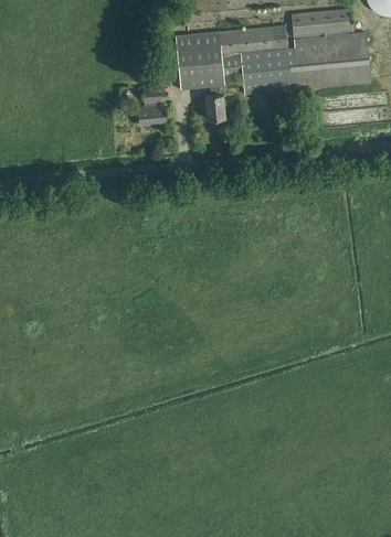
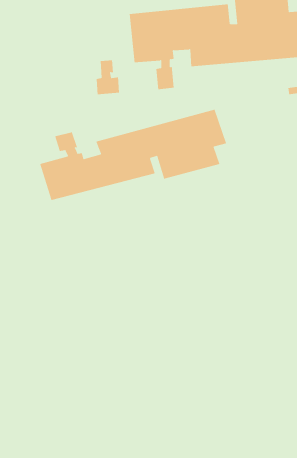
building: none -> [39,109,227,201]

